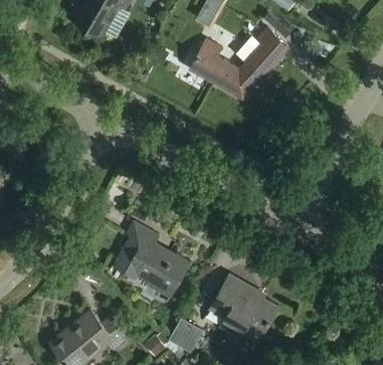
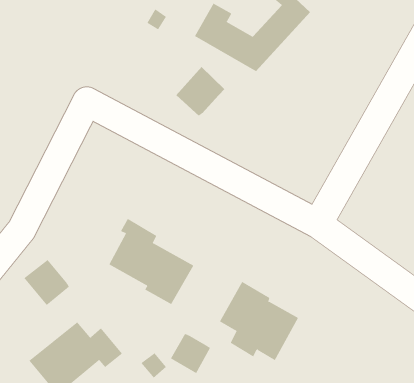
building: none -> [175,66,225,117]
building: none -> [23,259,70,306]

